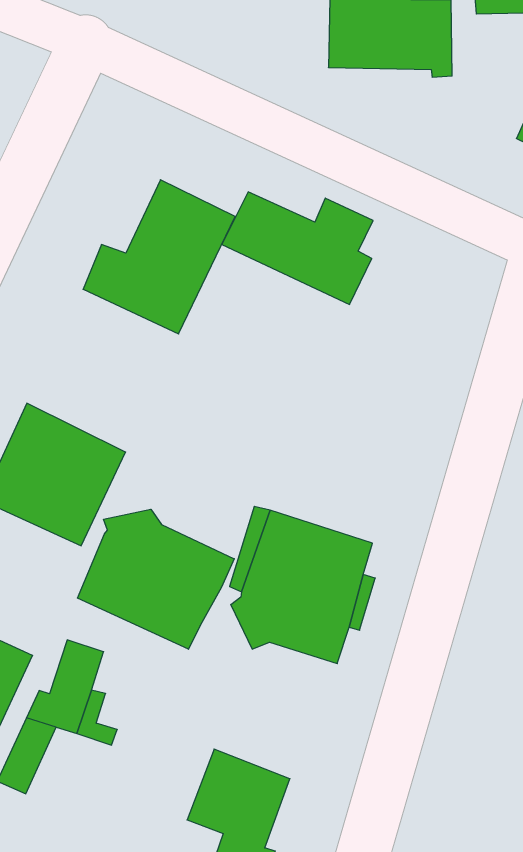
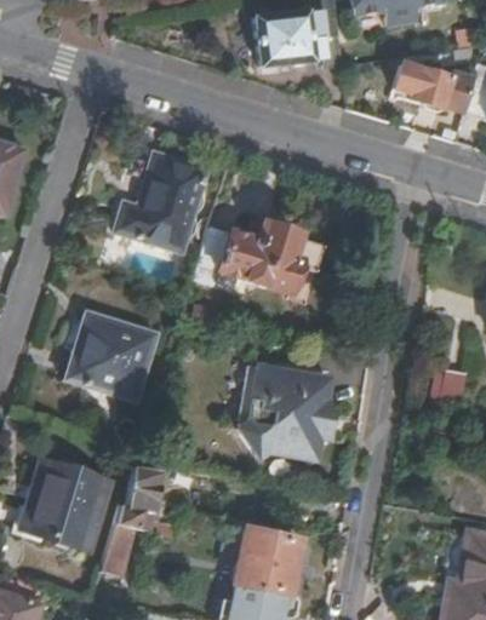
building: [222,192,373,304] -> [198,224,299,293]
building: [78,509,234,649] -> none

